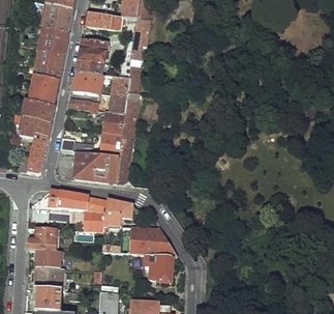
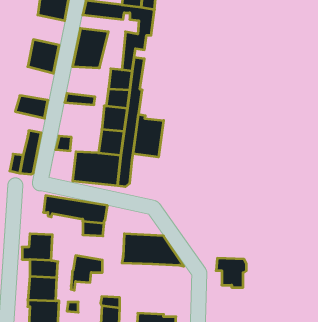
building: [39,26,68,54] -> none
building: [29,74,58,105] -> none
building: [72,74,99,94] -> none
building: [19,115,50,138] -> none
building: none -> [133,114,164,157]
building: [103,202,132,234] -> [71,256,102,290]
building: [148,256,176,283] -> [216,258,246,287]

